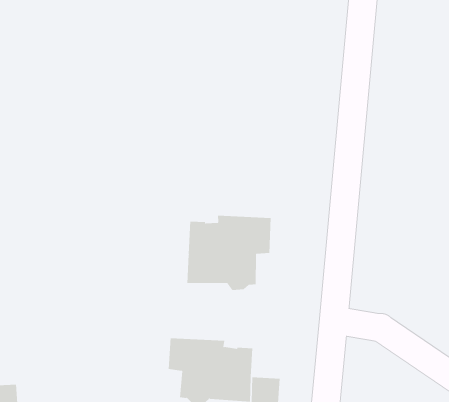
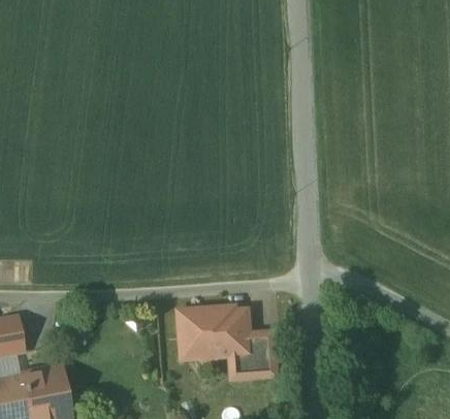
building: [187,215,271,291] -> none

